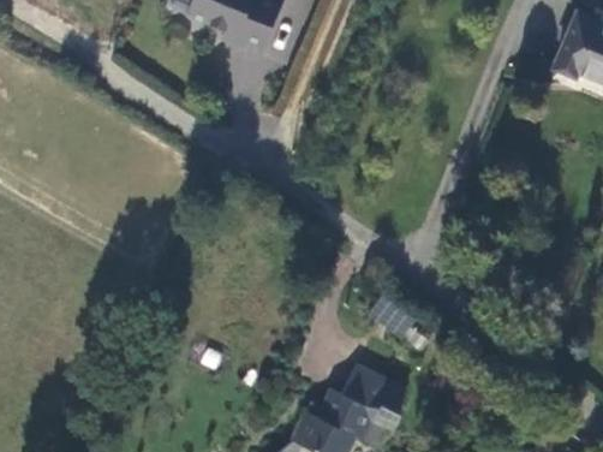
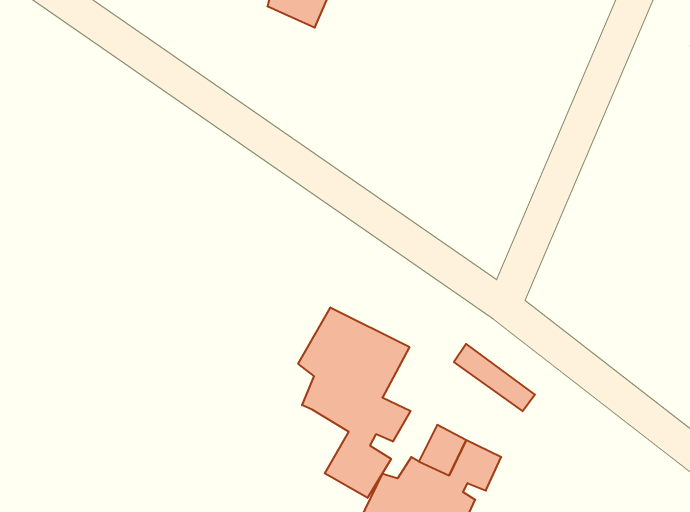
building: none -> [298,307,411,498]

